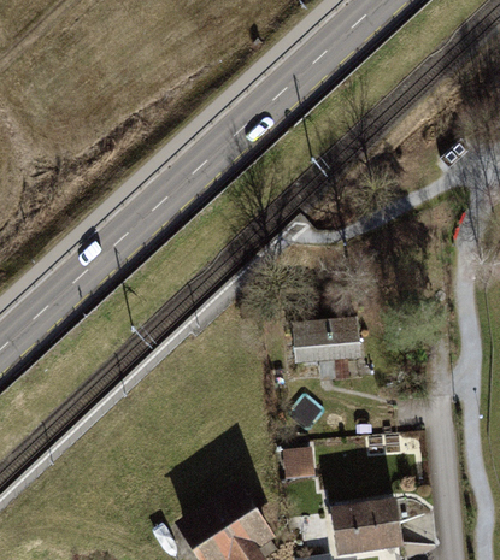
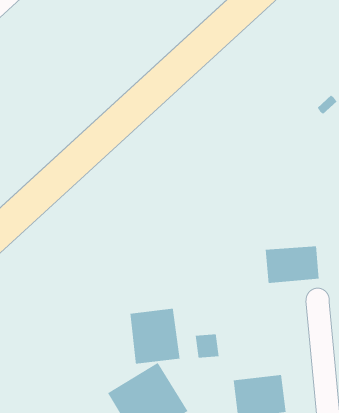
building: [294,318,364,366] -> [265,246,320,284]
building: none -> [130,308,180,365]

